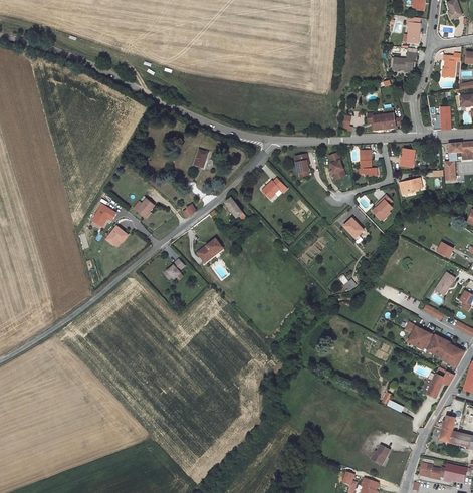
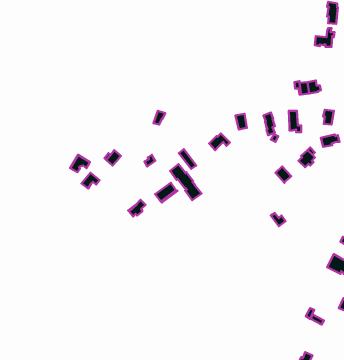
building: none -> [170,164,201,200]

